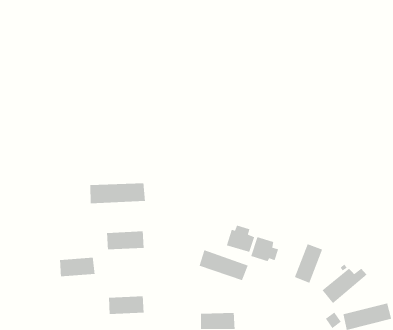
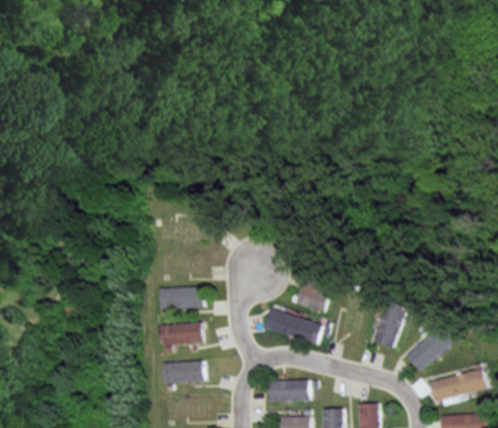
building: [90,183,146,204] -> none
building: [250,236,279,262] -> none
building: [59,257,95,277] -> [159,322,201,345]

